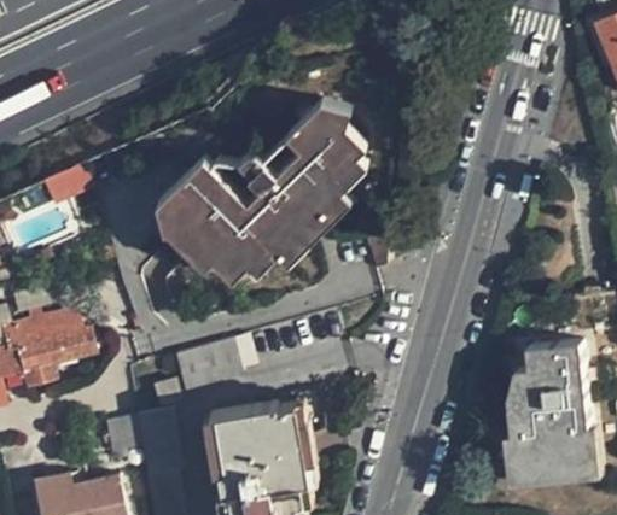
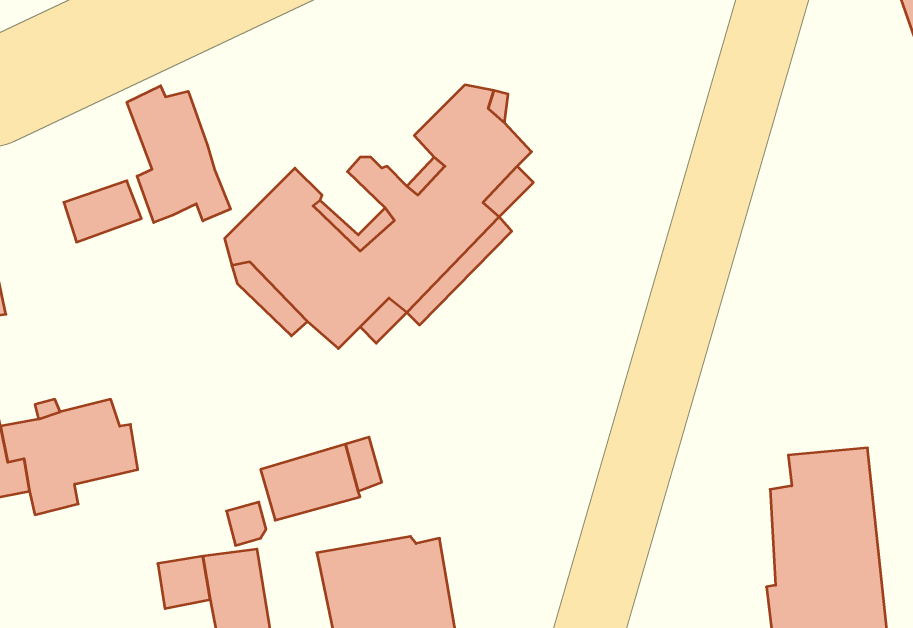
building: none -> [127,86,231,223]

